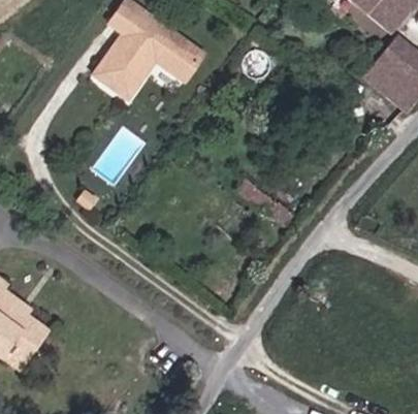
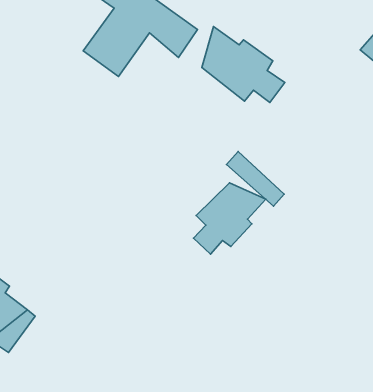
building: none -> [202,26,285,102]
building: none -> [194,183,266,254]

